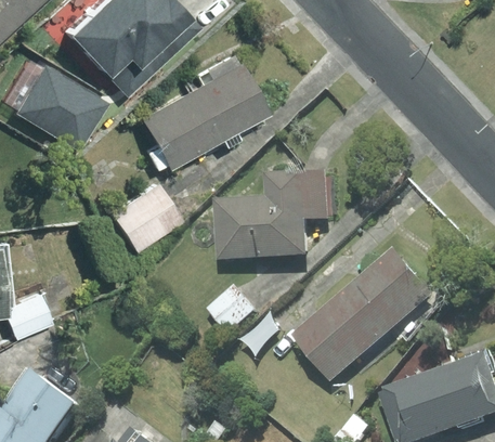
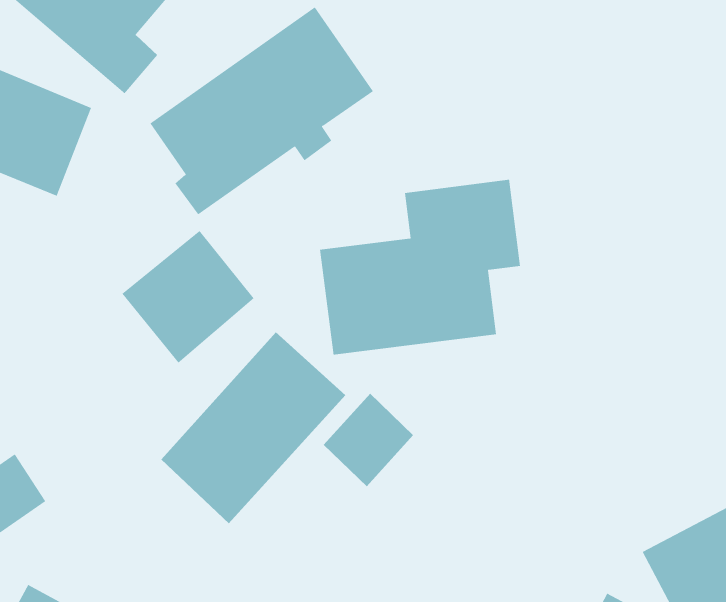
building: none -> [161,331,346,524]
building: [292,248,434,385] -> none

